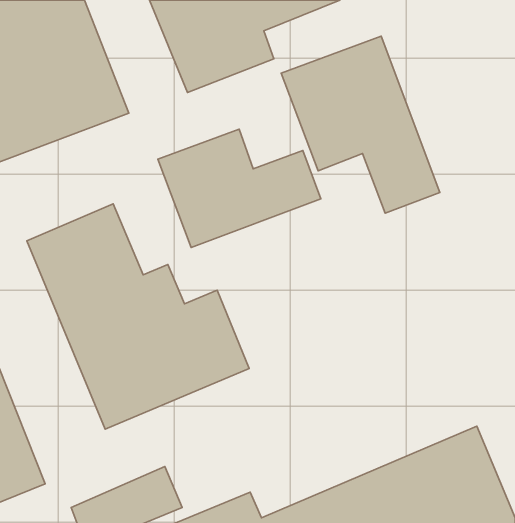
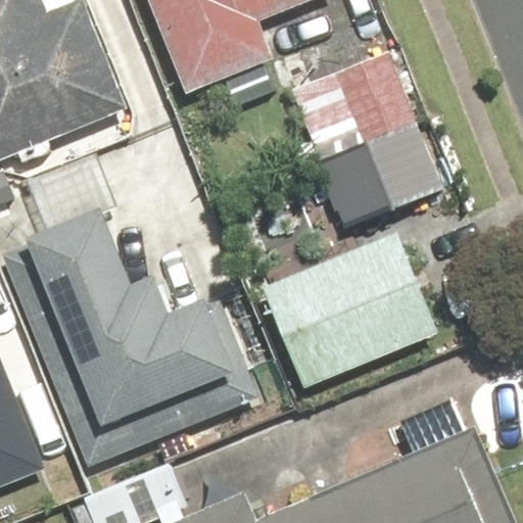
building: [158,129,321,247] -> none
building: none -> [259,224,444,394]

